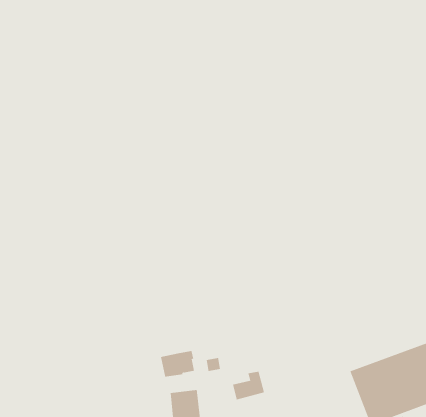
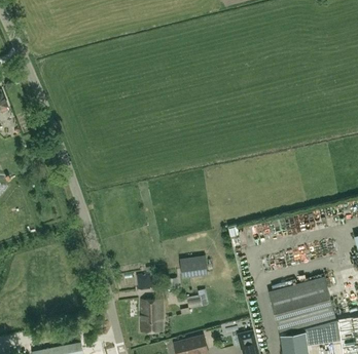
building: none -> [179,255,207,278]

